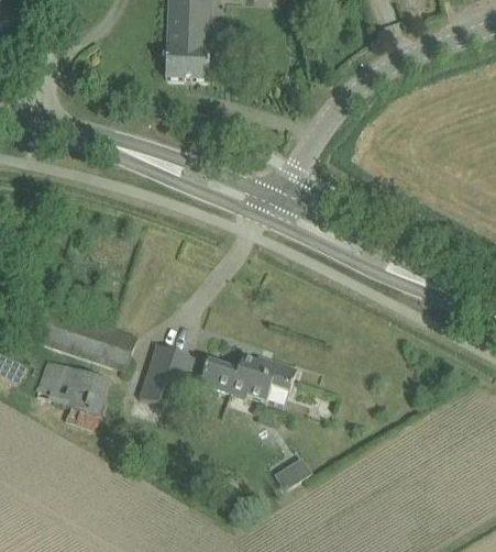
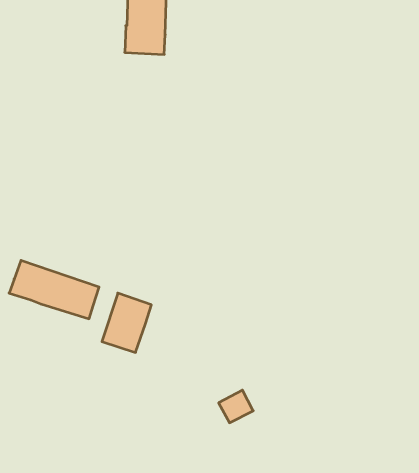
building: [200,355,297,399] -> none
building: [35,358,111,431] -> none

